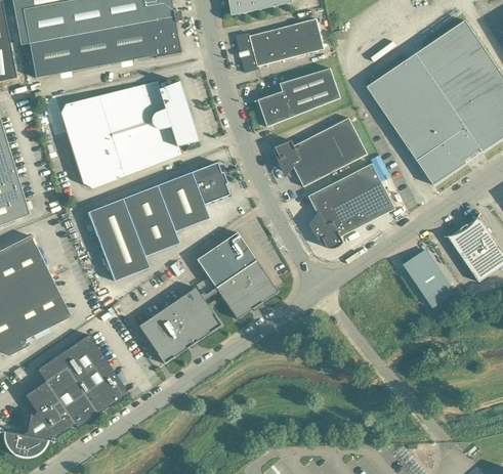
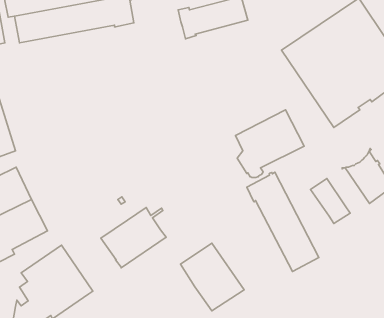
building: [253,62,340,126] -> none
building: [59,80,197,186] -> none
building: [275,117,367,185] -> none
building: [86,161,228,279] -> none
building: [196,231,277,317] -> [180,243,244,311]
building: none -> [247,172,319,272]

